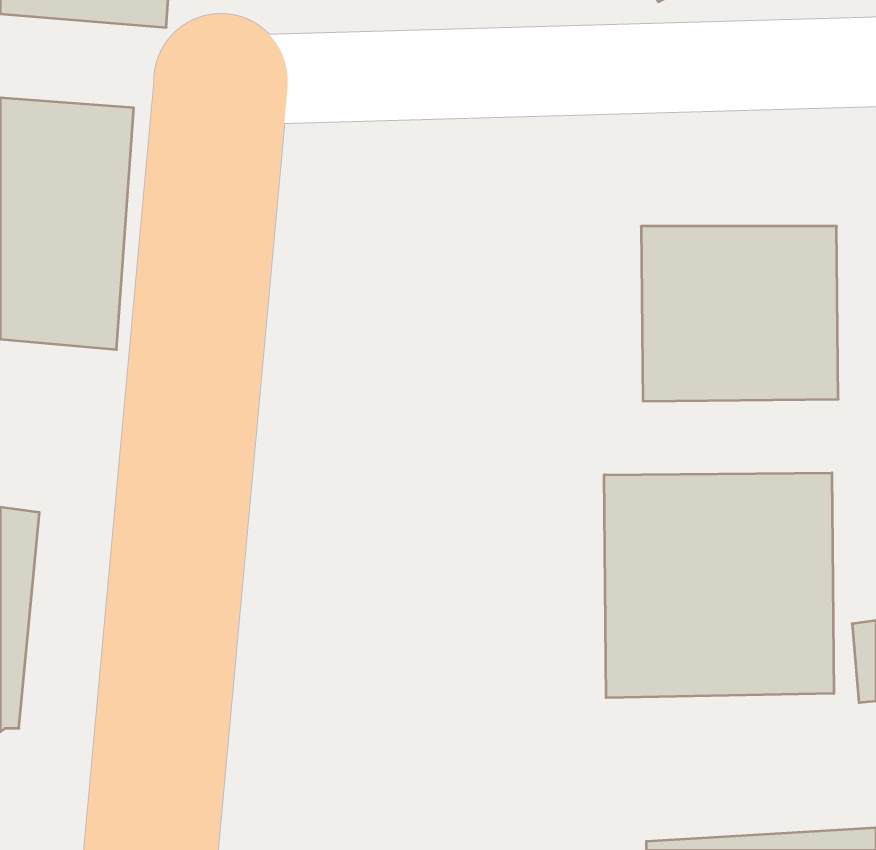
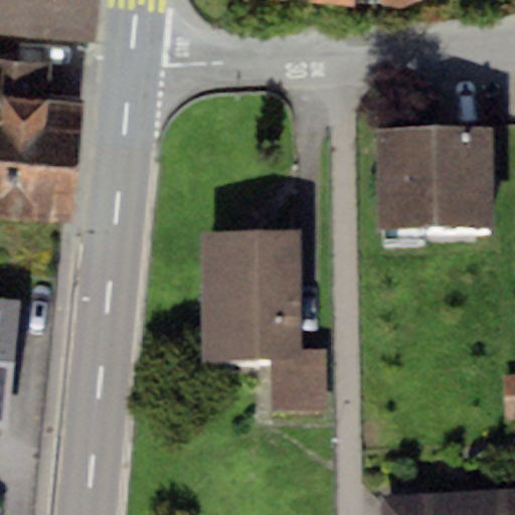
building: none -> [201,232,326,407]
building: [604,473,834,698] -> none

